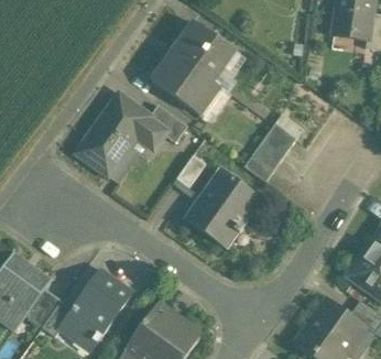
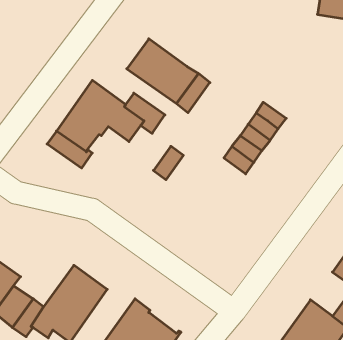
building: [173,22,231,79] -> none
building: [190,174,257,251] -> none

